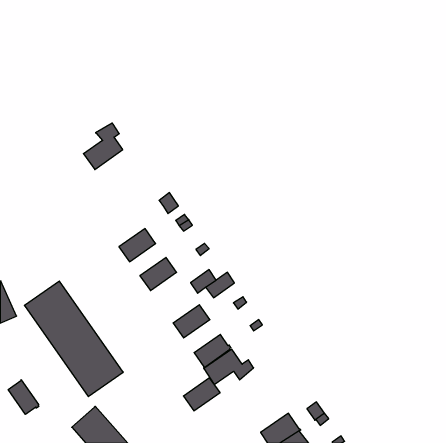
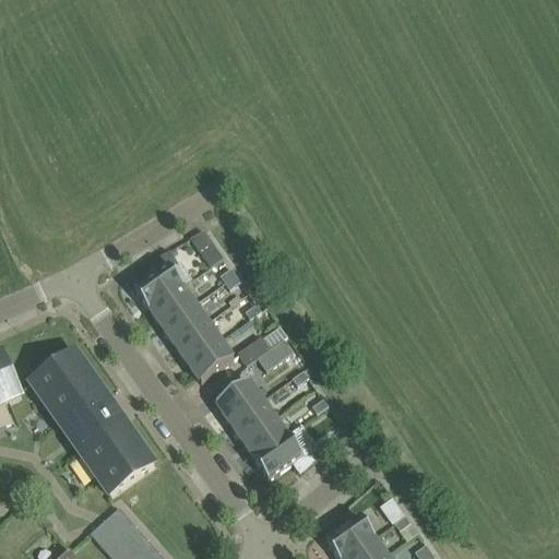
building: [83,123,123,170] -> [134,250,183,308]
building: none -> [163,304,209,344]
building: none -> [189,340,235,382]
building: [183,378,220,411] -> [230,399,276,440]
building: [8,380,39,414] -> none

